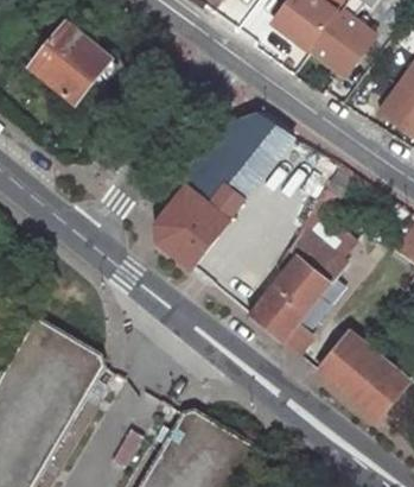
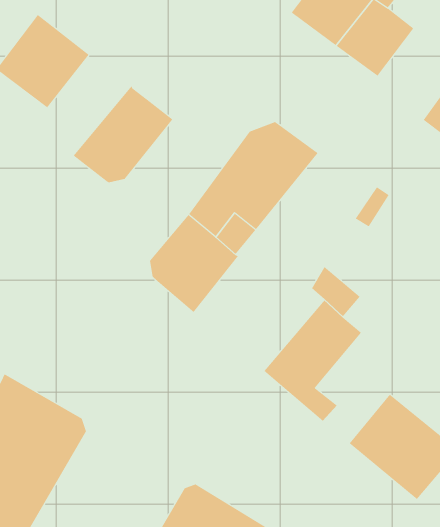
building: none -> [73,86,173,183]

